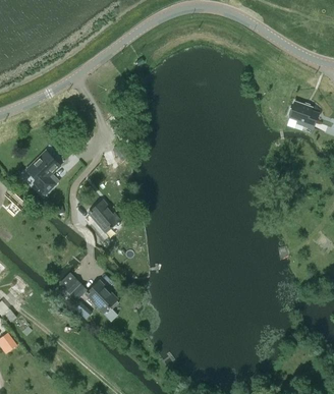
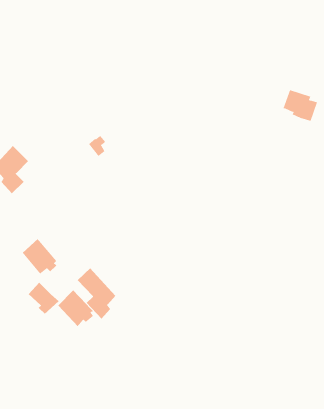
building: [89,200,120,232] -> [22,238,57,275]
building: none -> [77,268,116,319]

